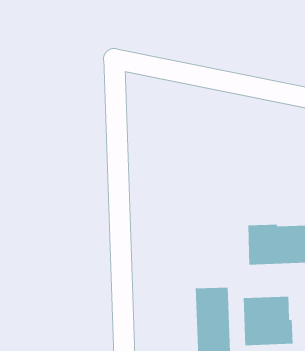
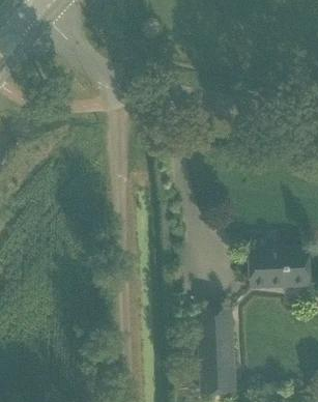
building: [243,296,293,346] -> none

